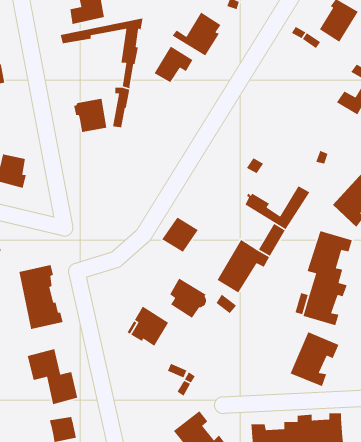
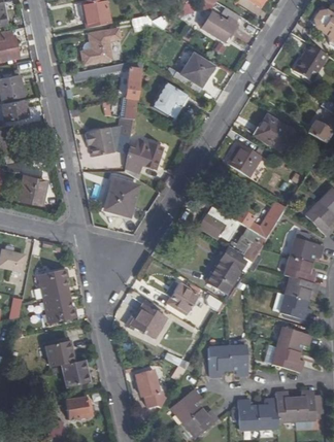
building: none -> [254,113,292,150]
building: none -> [125,139,162,177]
building: none -> [226,141,270,175]
building: none -> [107,179,137,215]
building: [161,217,199,253] -> [198,206,230,237]
building: none -> [206,347,246,379]
building: none -> [133,370,167,408]

